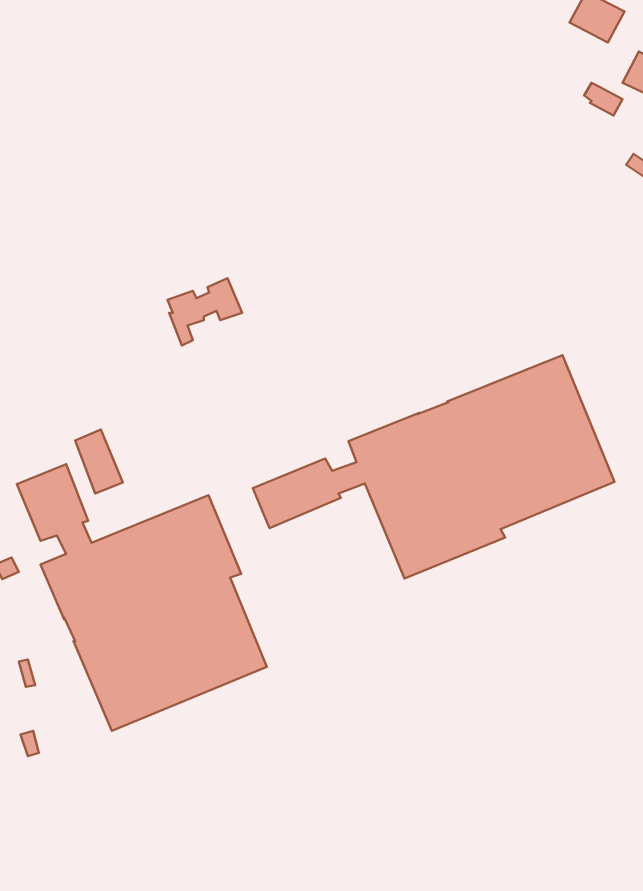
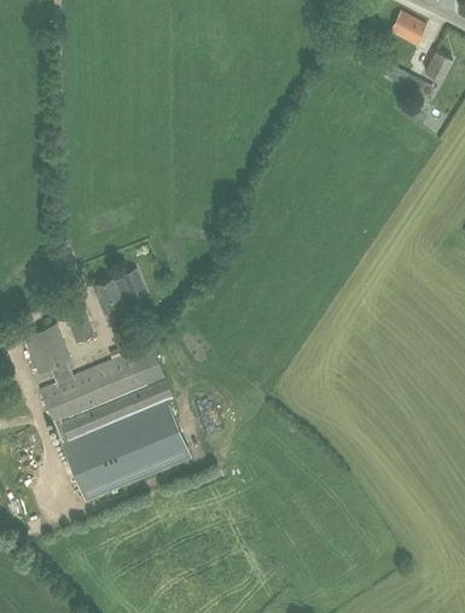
building: [167,278,242,346] -> [95,269,145,314]
building: [253,355,615,578] -> none

